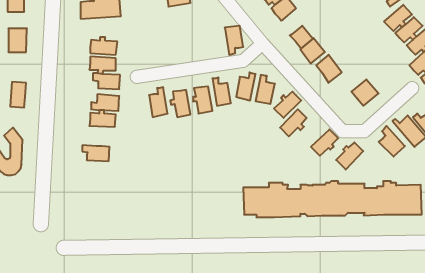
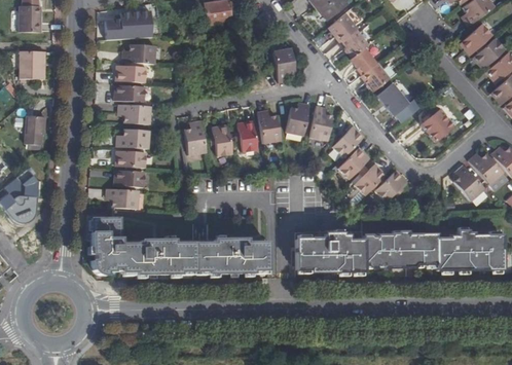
building: none -> [341,28,368,58]
building: none -> [122,43,155,63]
building: none -> [114,168,145,188]
building: [336,142,363,170] -> [354,161,386,193]
building: none -> [90,216,267,273]

